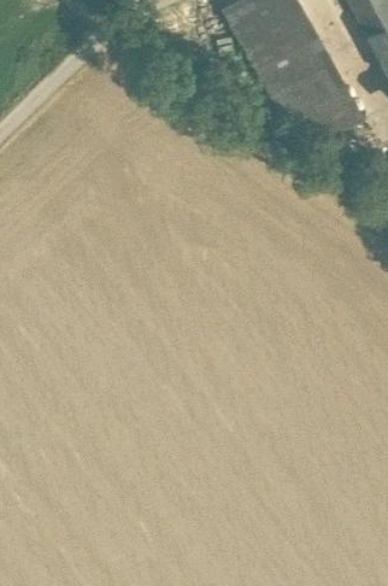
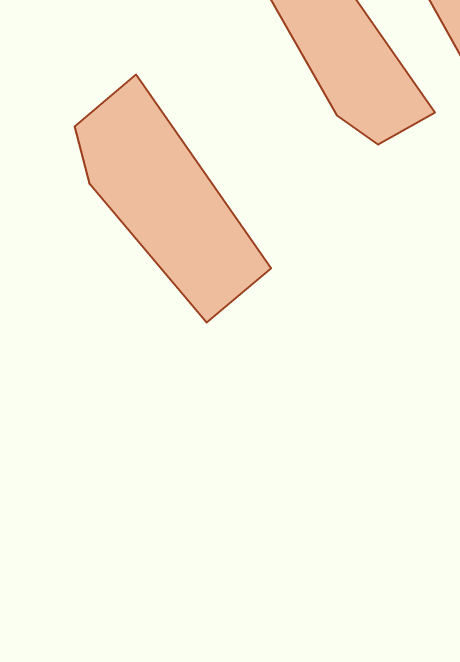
building: none -> [75,75,271,323]

